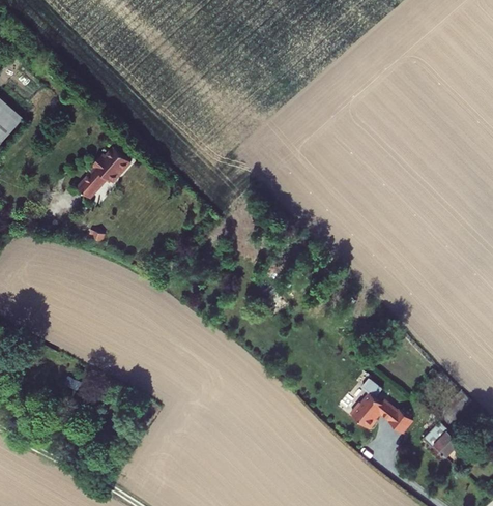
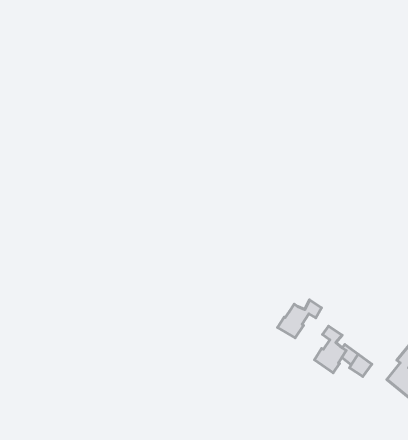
building: [79,148,132,197] -> none
building: none -> [278,300,322,338]

